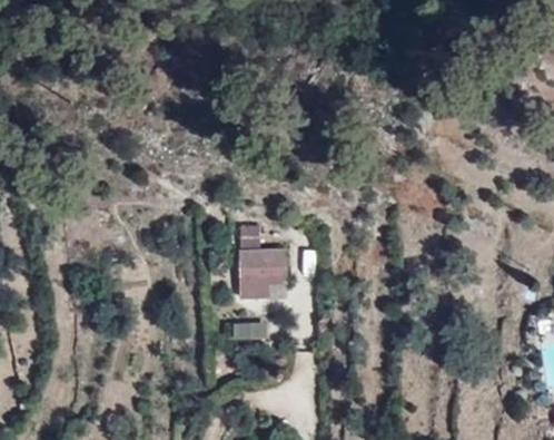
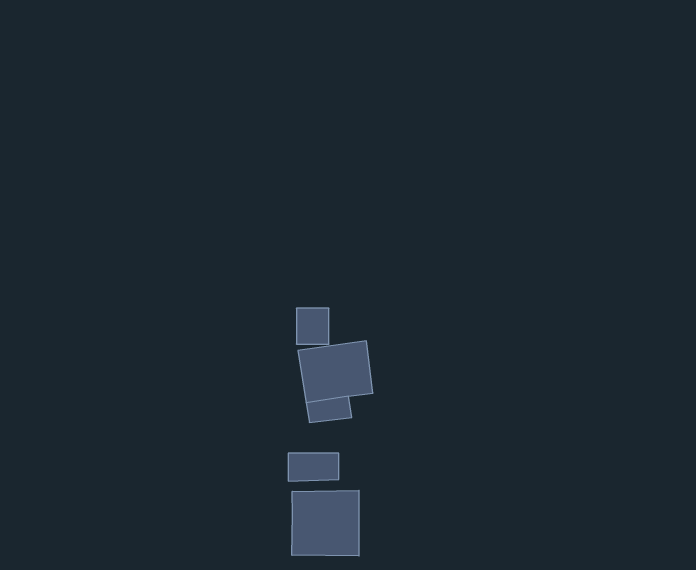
building: none -> [292,490,359,556]

